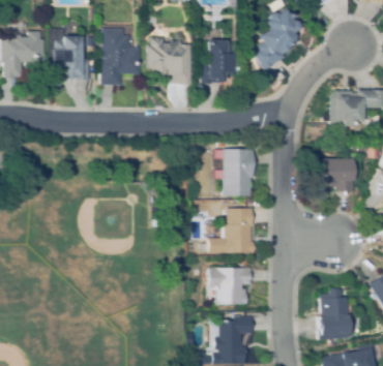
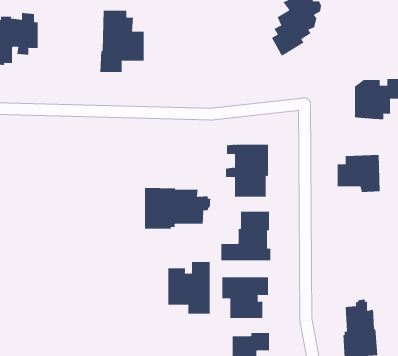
building: [52,35,89,80] -> none
building: [147,36,192,84] -> none
building: [200,39,236,83] -> none
building: none -> [145,187,211,230]
building: none -> [168,261,210,314]

